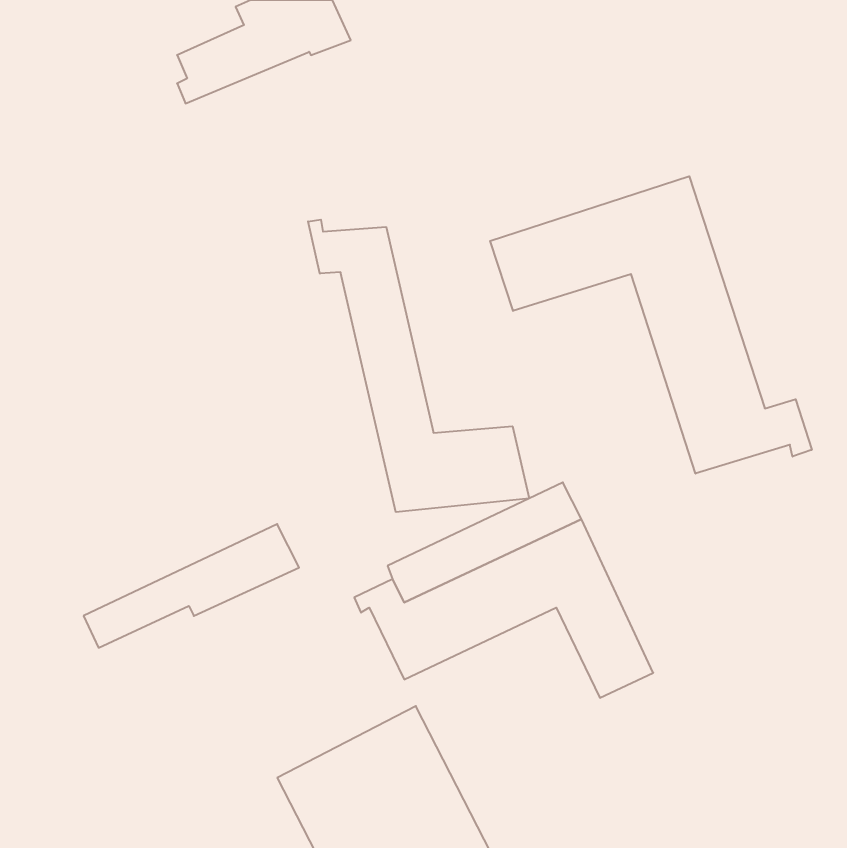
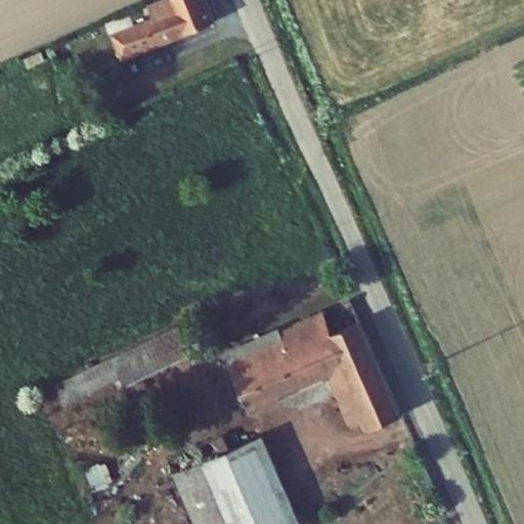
building: [490,176,812,474] -> none
building: [308,220,529,512] -> none

